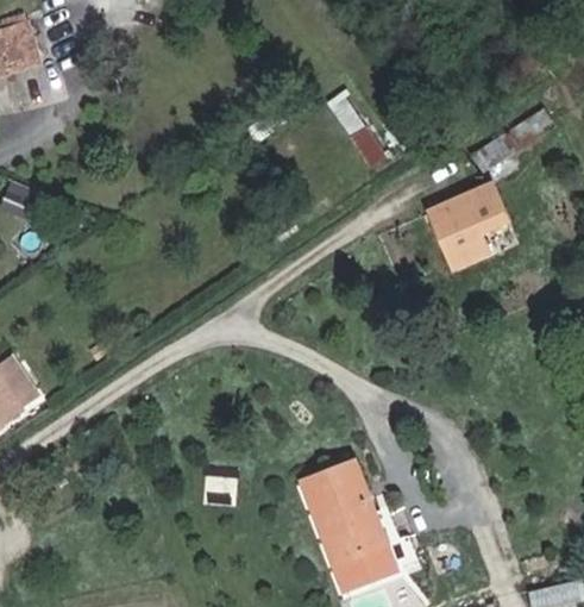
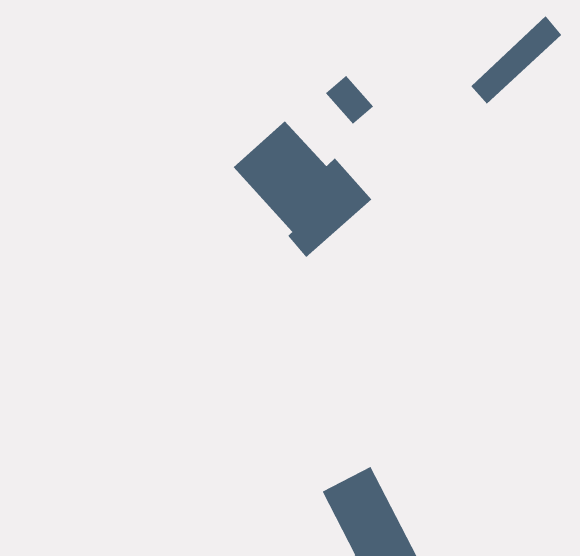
building: none -> [233,120,372,258]
building: [433,192,510,273] -> none

